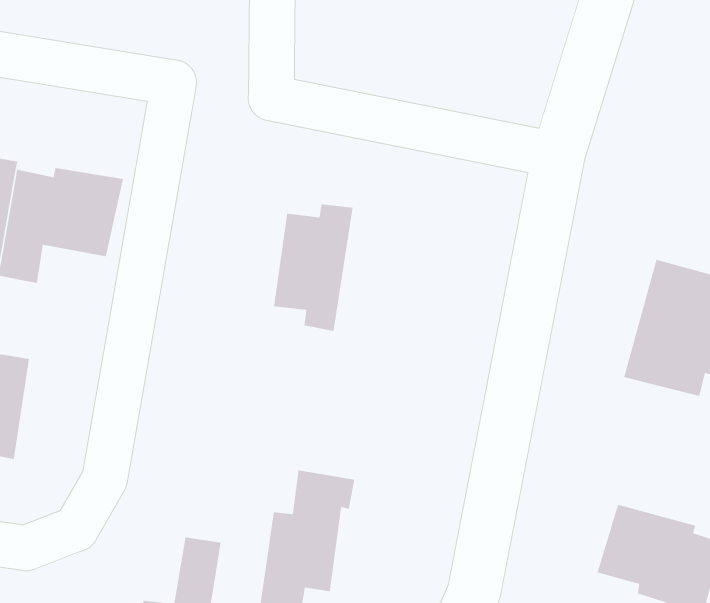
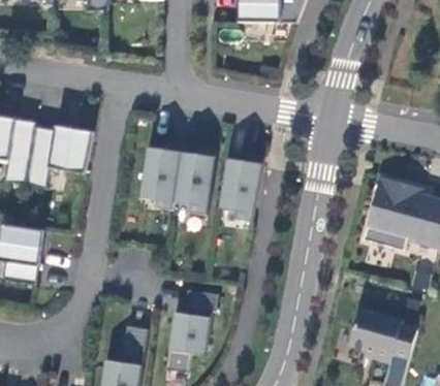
building: none -> [140,138,182,208]
building: none -> [219,152,264,221]

